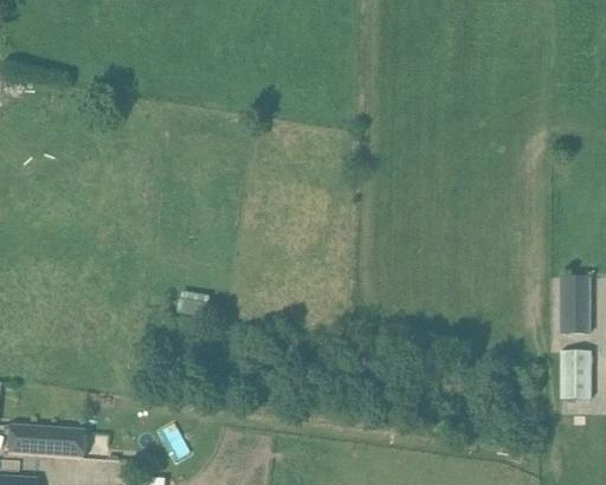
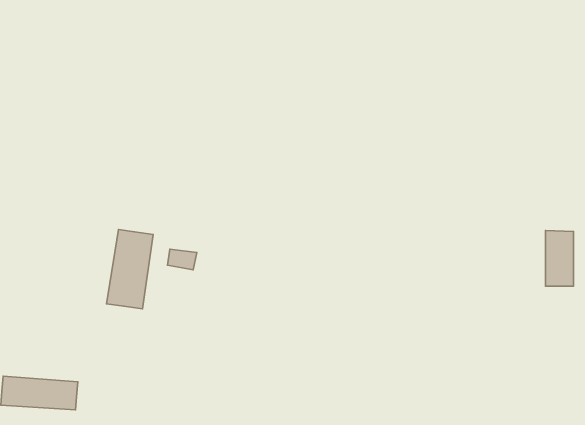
building: none -> [106,230,153,309]
building: [560,349,591,397] -> none

